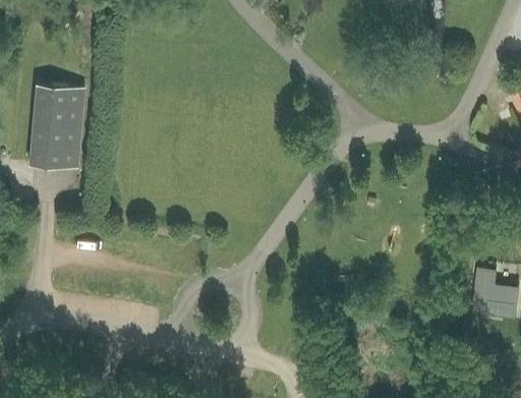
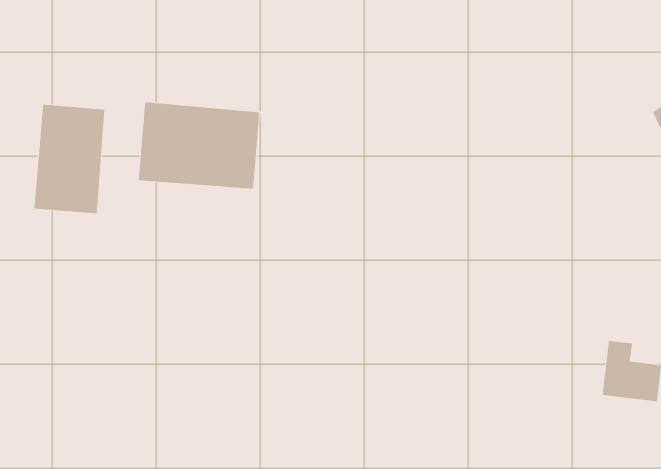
building: none -> [138,102,260,189]

